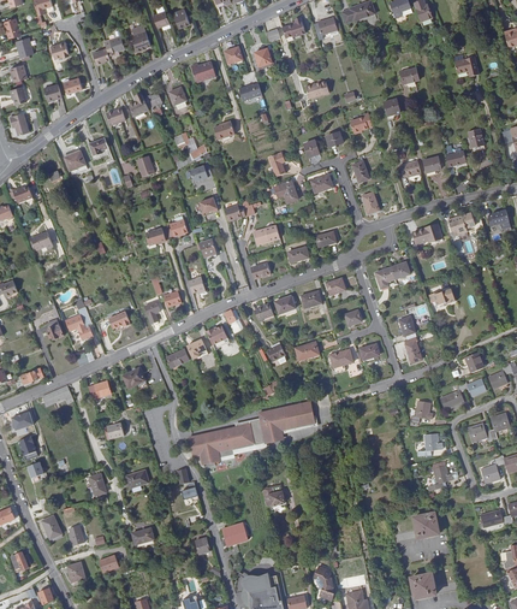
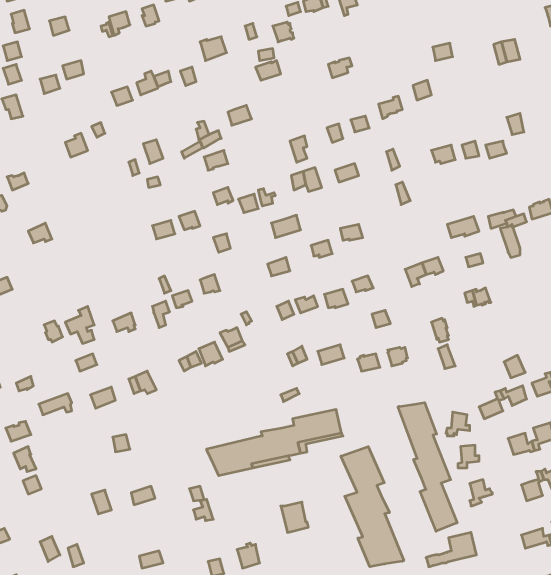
building: none -> [398,403,457,531]
building: none -> [341,447,404,567]

